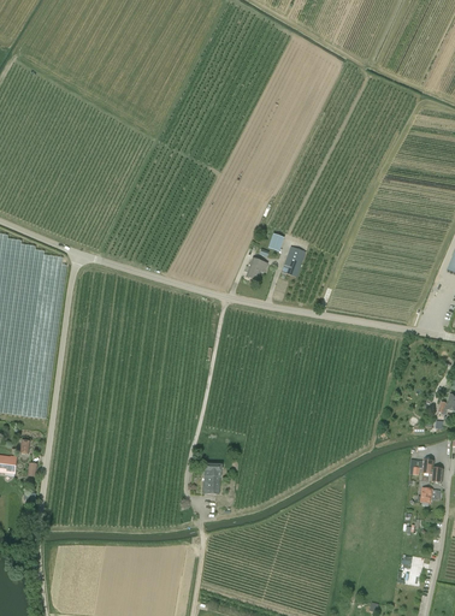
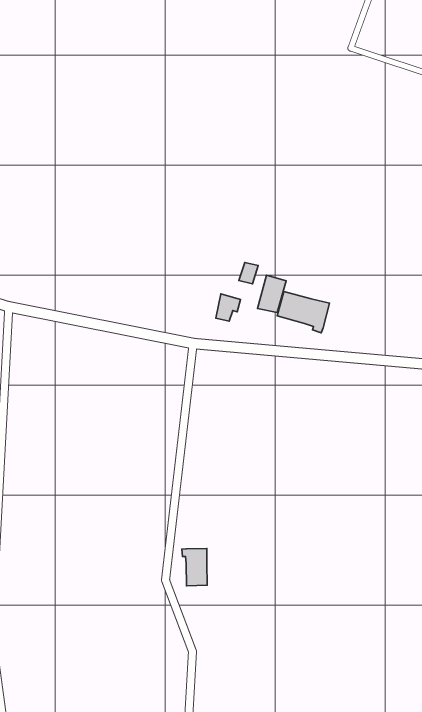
building: none -> [277,291,330,333]

